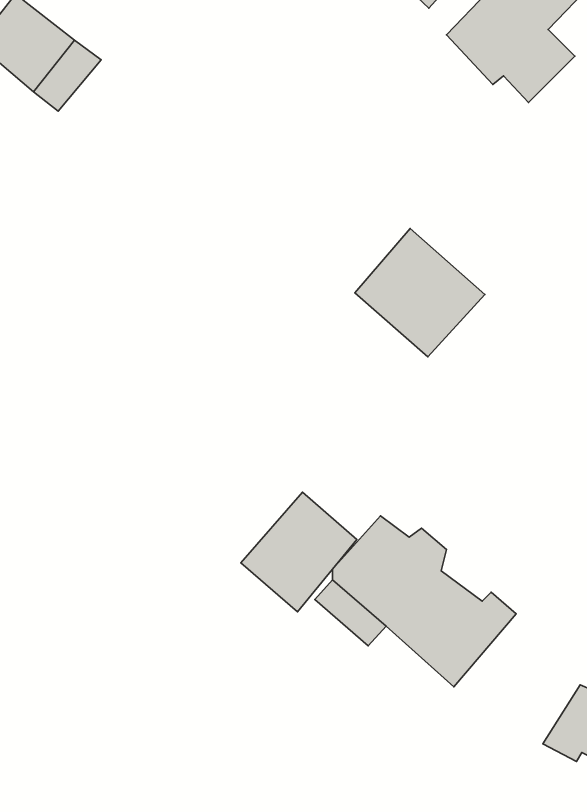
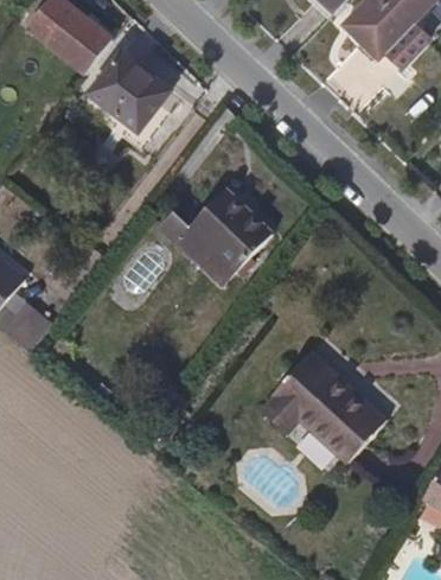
building: none -> [95,51,177,132]
building: [355,229,485,357] -> [179,186,266,272]
building: [241,492,357,612] -> none

